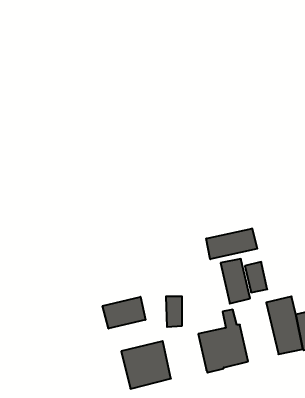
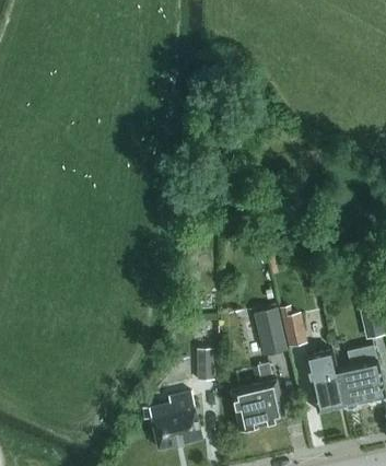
building: [206,228,257,259] -> none
building: [103,297,145,329] -> none

